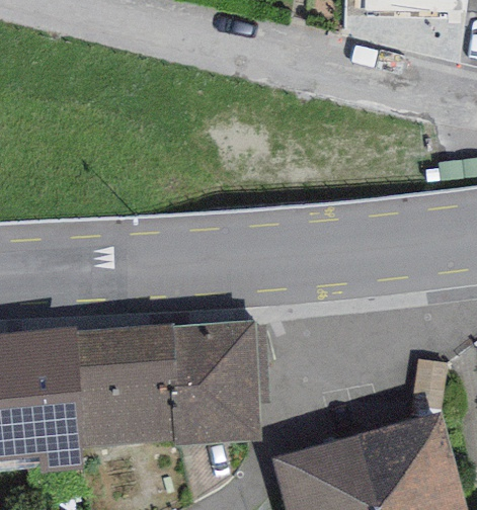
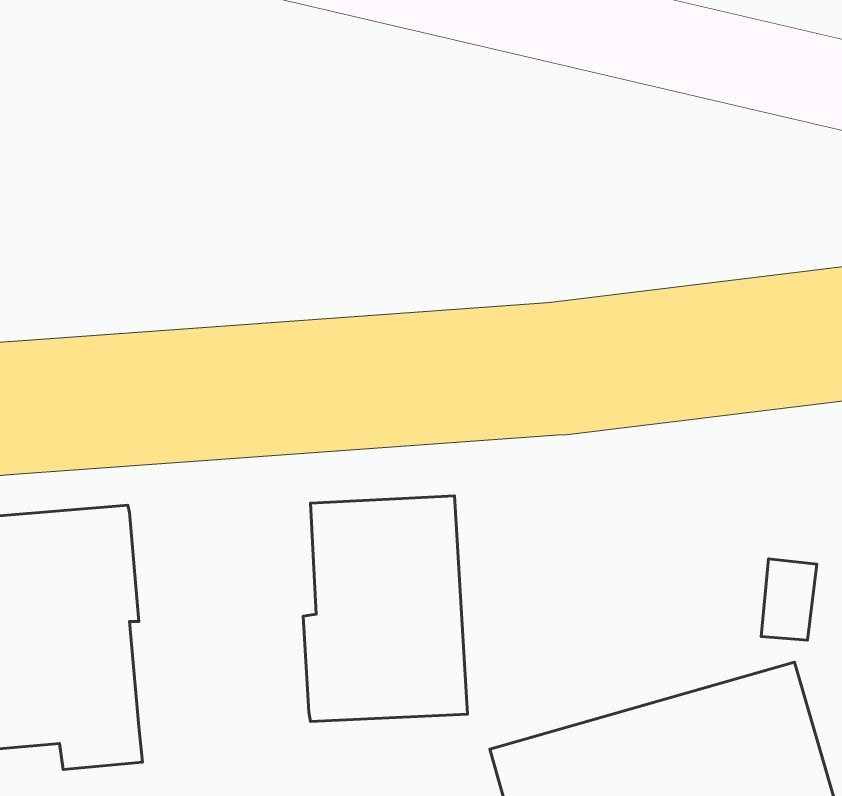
building: [74,326,176,448] -> none

